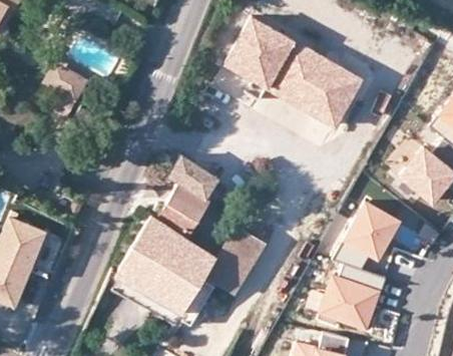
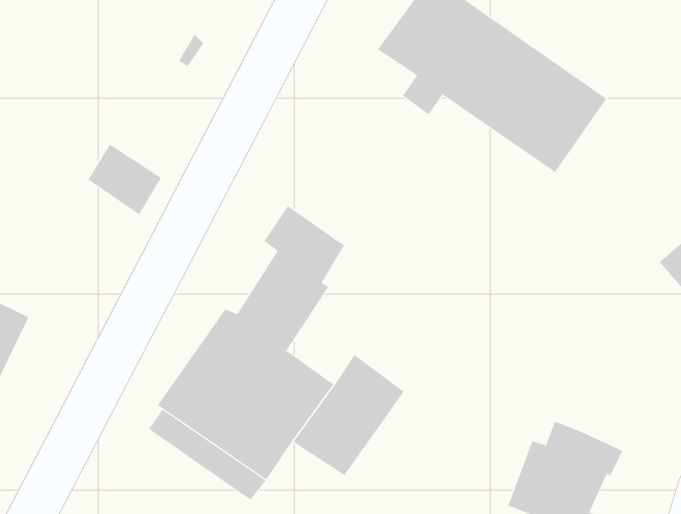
building: [45,64,87,103] -> [87,144,162,215]
building: [332,200,401,272] -> none

